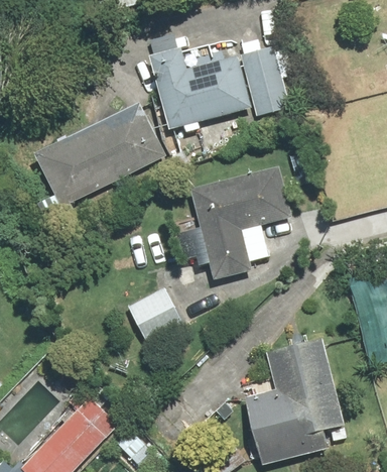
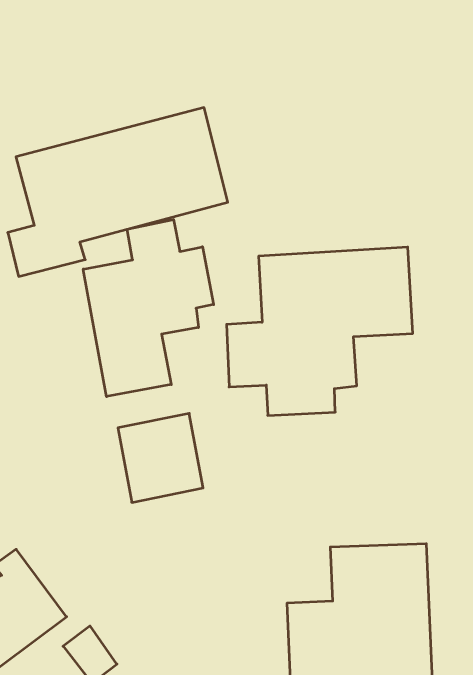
building: [152,38,290,122] -> none
building: none -> [83,220,214,397]

